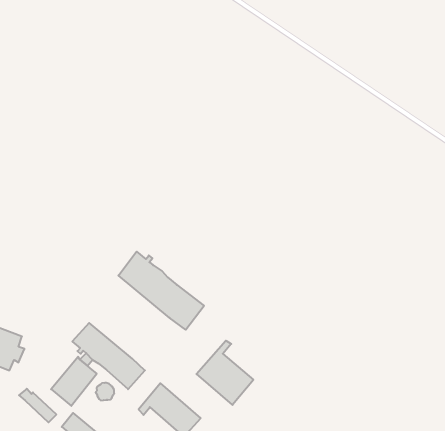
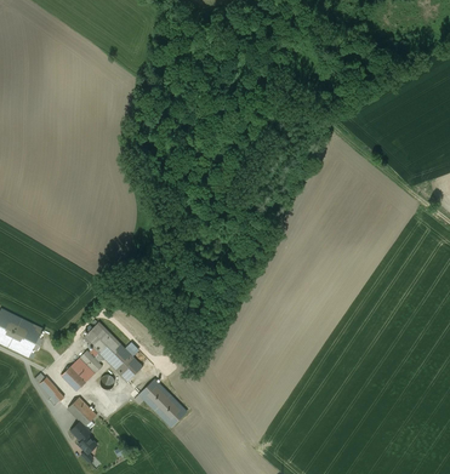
building: [118,252,204,330] -> none
building: [196,341,253,405] -> none

